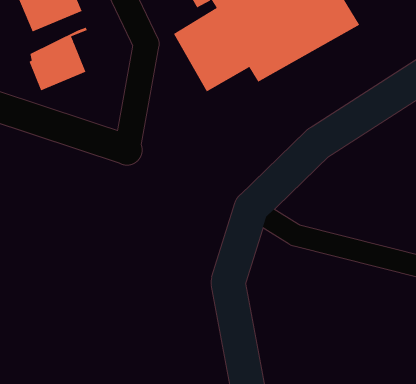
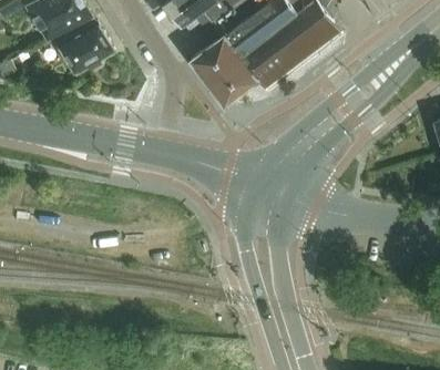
building: [29,27,87,91] -> none

